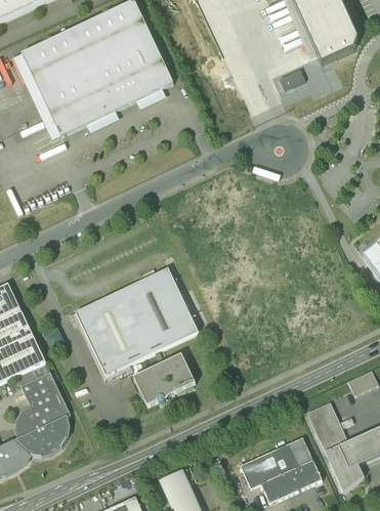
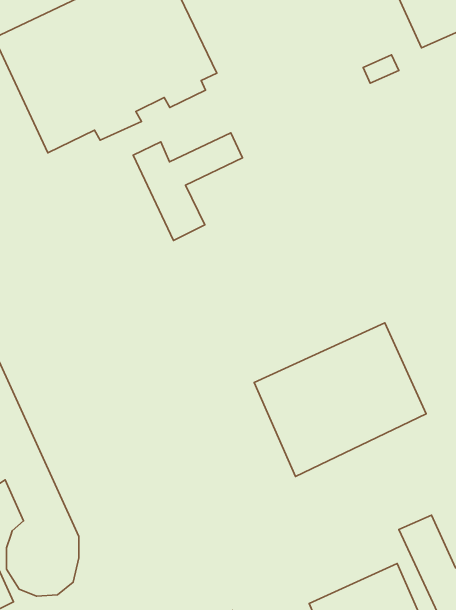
building: none -> [133,133,242,240]
building: [77,268,201,379] -> [254,323,426,476]
building: [137,352,199,407] -> none

